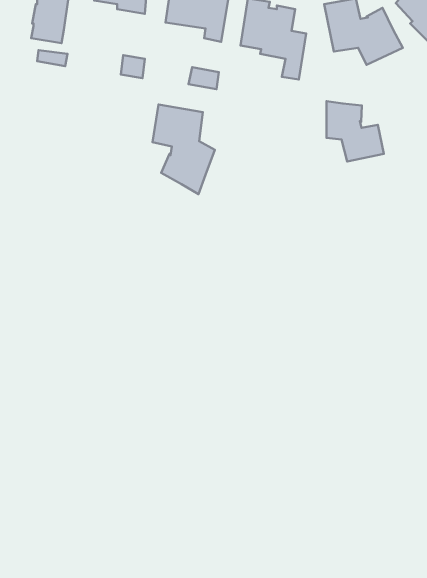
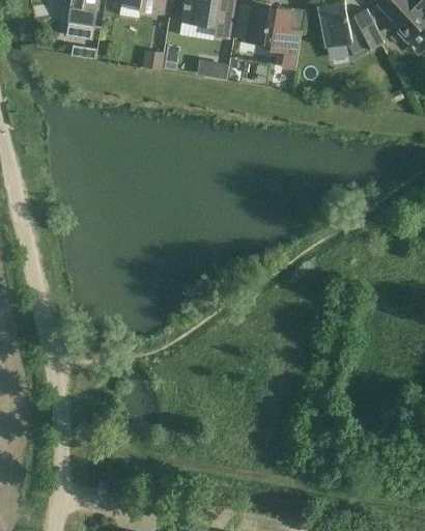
building: [326,101,384,161] -> none
building: [152,105,215,194] -> none

